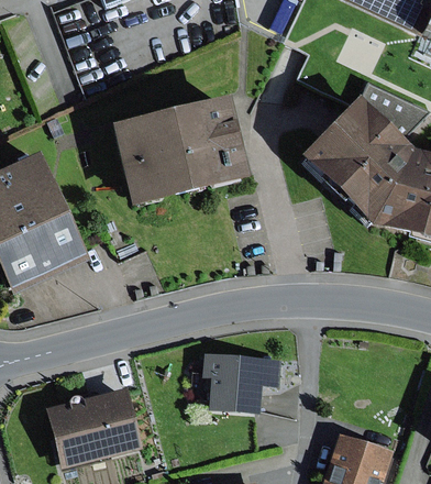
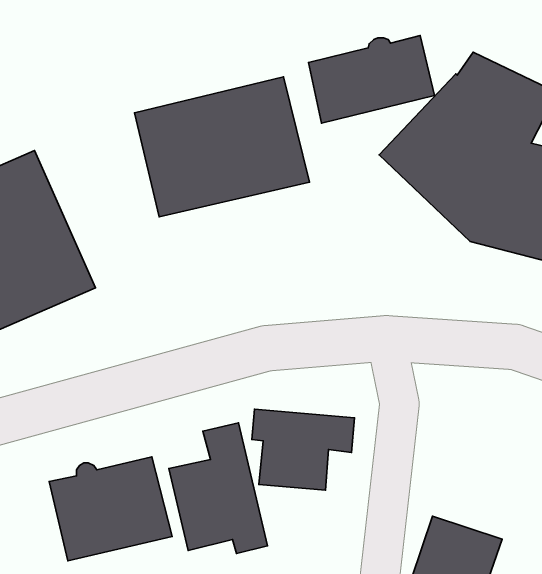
building: none -> [308,36,435,123]
building: none -> [169,423,268,554]

